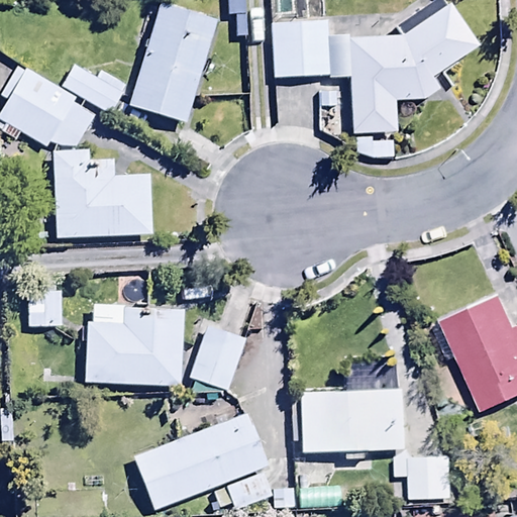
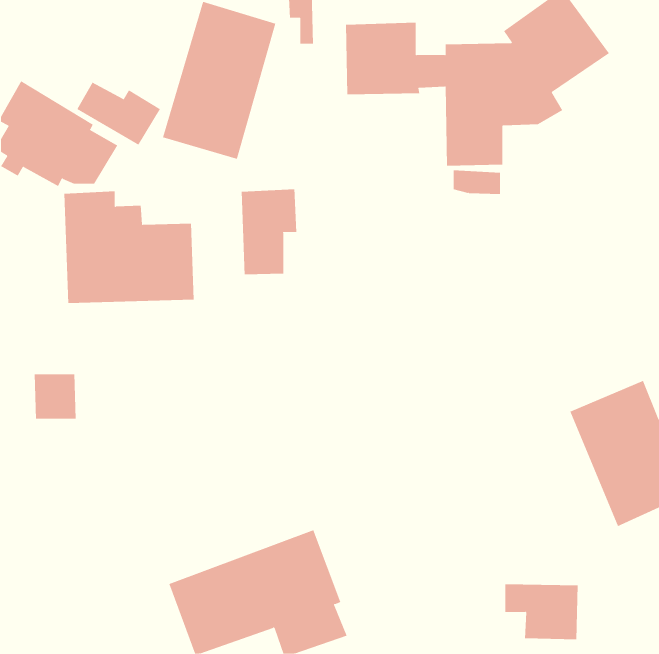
building: none -> [241,188,297,275]
building: [84,303,184,385] -> none
building: [189,324,245,390] -> none
building: [292,390,409,458] -> none

